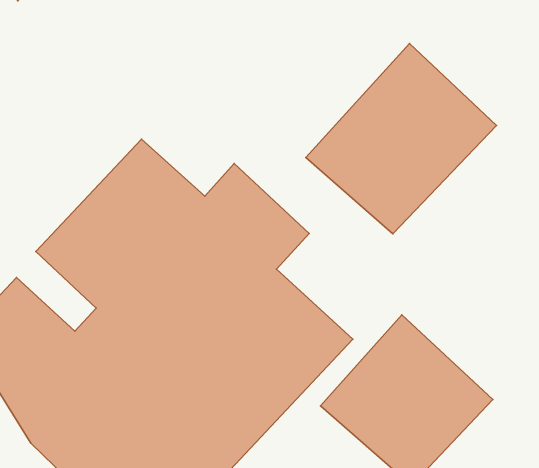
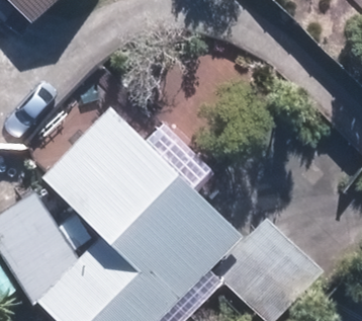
building: [306,44,496,234] -> none

